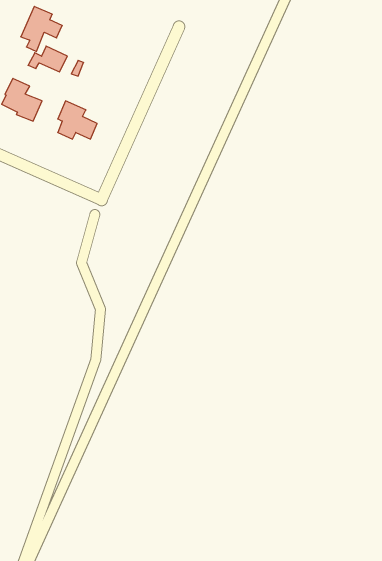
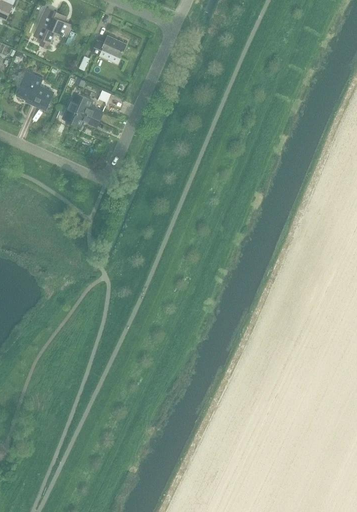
building: [28,46,67,72] -> [91,34,126,57]

